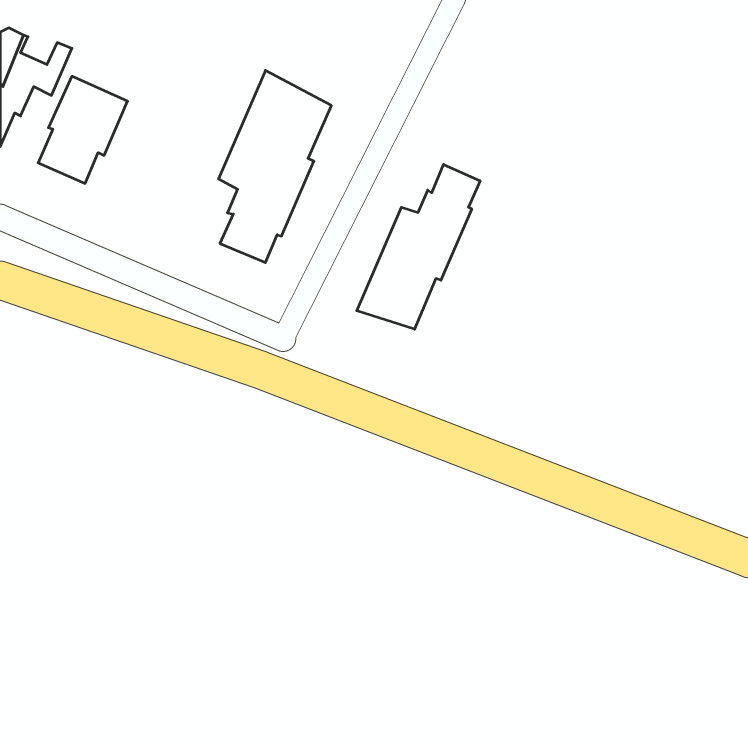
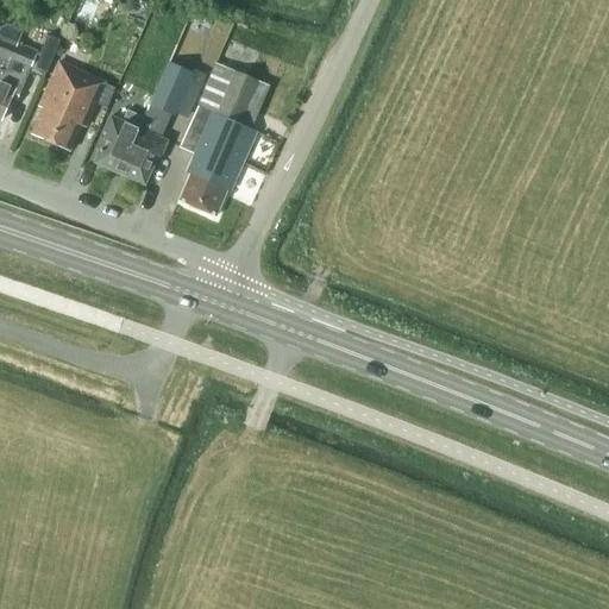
building: none -> [95,64,192,182]
building: [357,164,480,329] -> none

